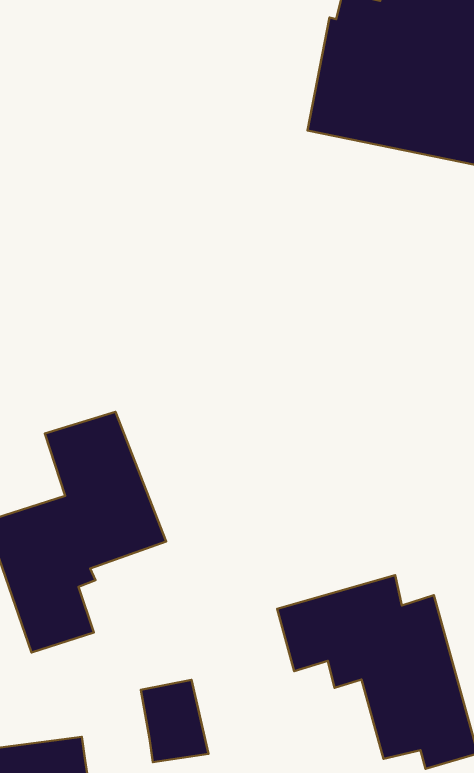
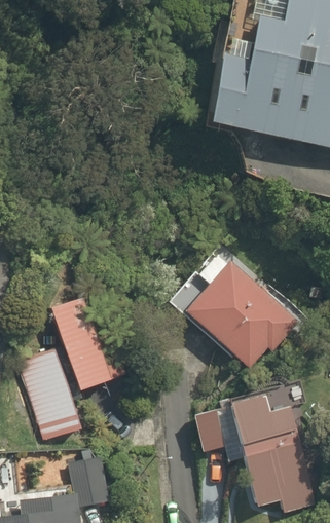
building: none -> [185,255,299,367]
building: [141,680,208,762] -> [69,456,110,507]

